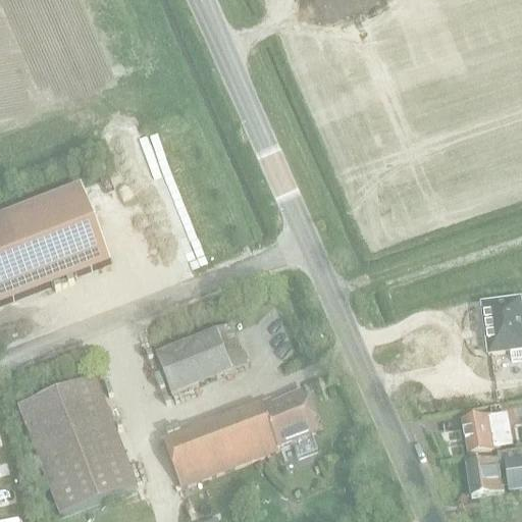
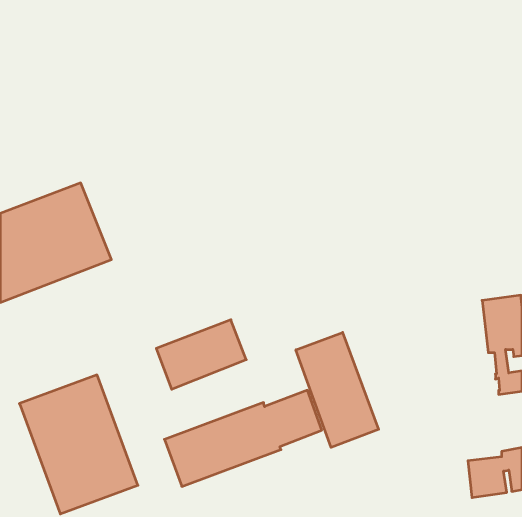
building: none -> [296,332,379,447]
building: [463,415,500,452] -> none

